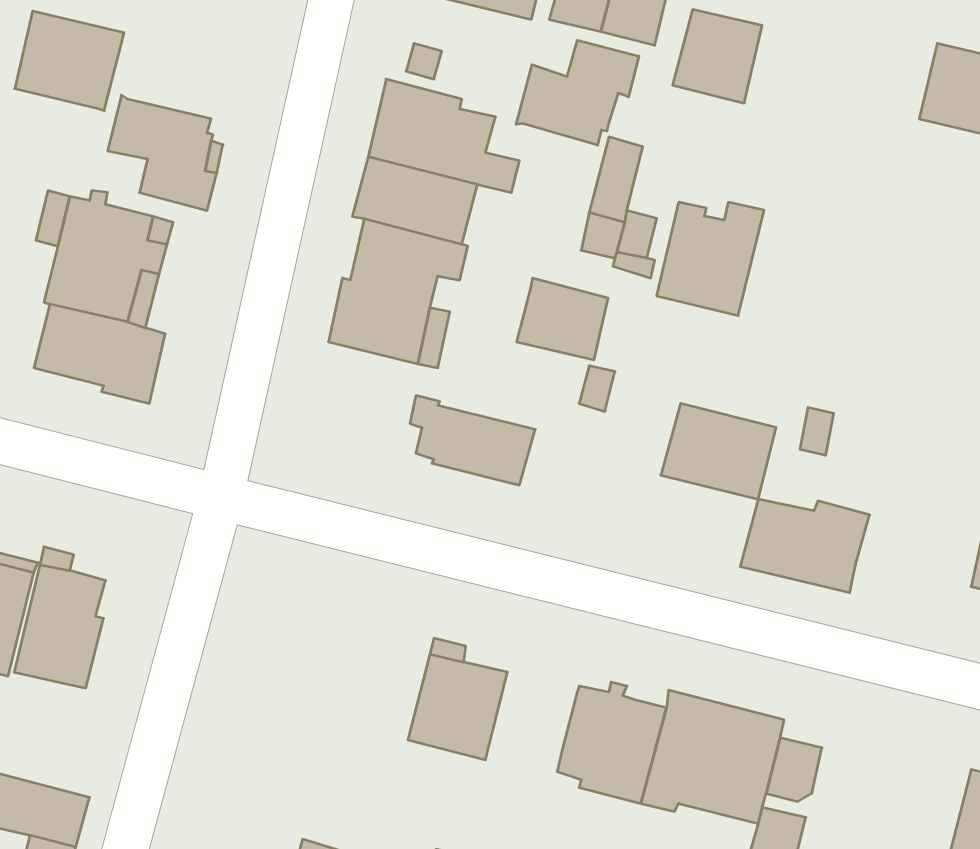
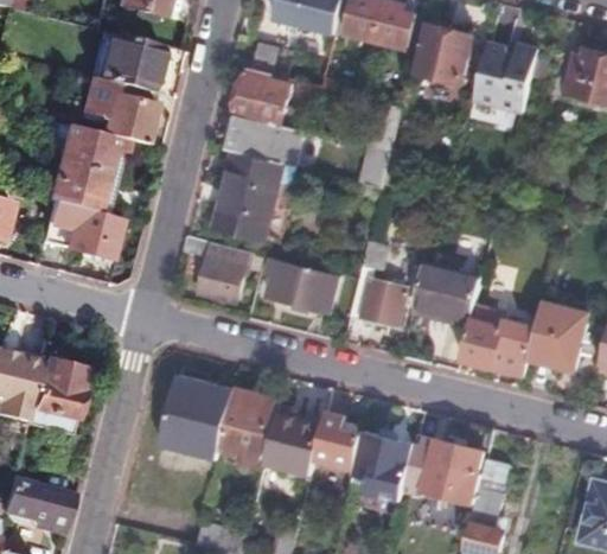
building: [15,11,124,111] -> [94,34,159,94]
building: [516,40,639,145] -> none
building: [657,202,764,316] -> [472,50,536,117]
building: [517,278,608,360] -> [350,275,404,324]
building: none -> [183,237,250,304]
building: none -> [528,301,588,369]
building: none -> [155,386,213,457]
building: none -> [221,389,273,466]
building: none -> [312,409,362,466]

